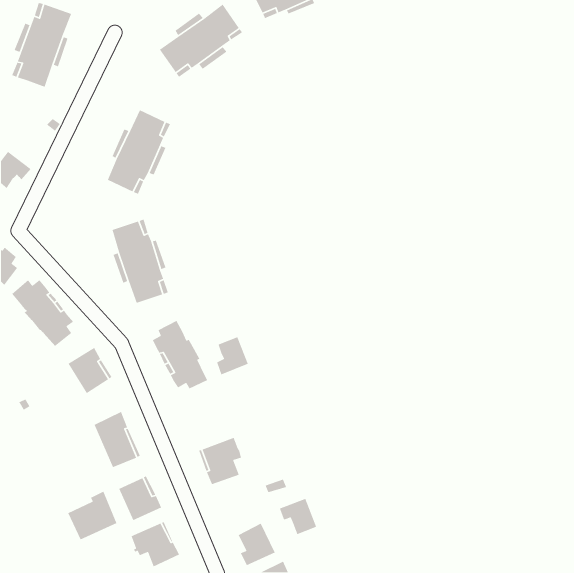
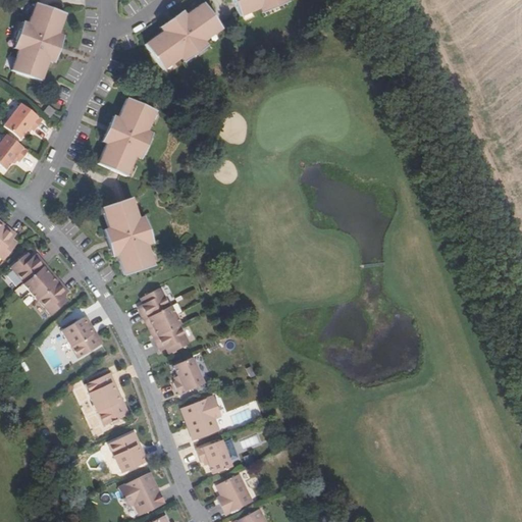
building: none -> [5,105,44,140]
building: [216,336,249,376] -> [174,359,204,395]
building: [67,491,118,541] -> none
building: [279,498,317,535] -> [196,439,230,473]

